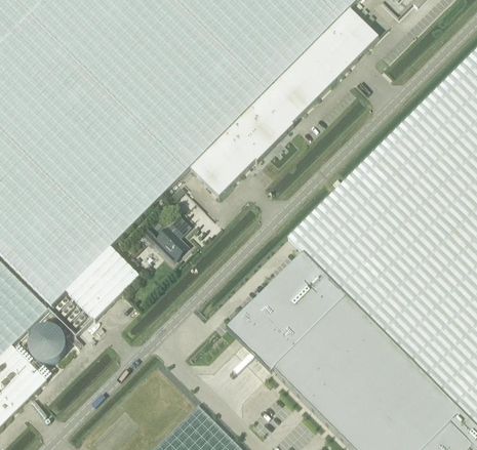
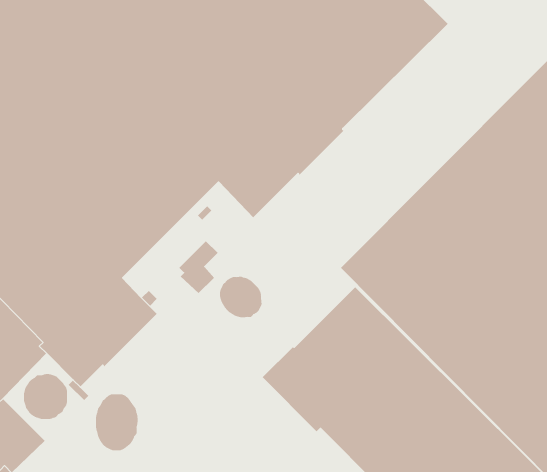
building: none -> [219,276,262,318]
building: none -> [95,393,138,451]

